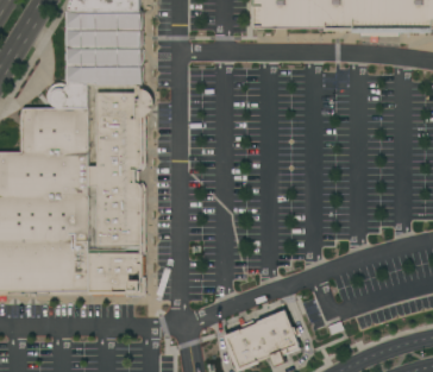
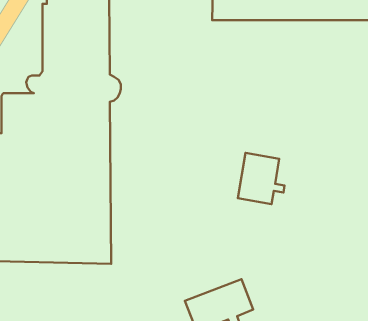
building: none -> [238,153,285,204]

